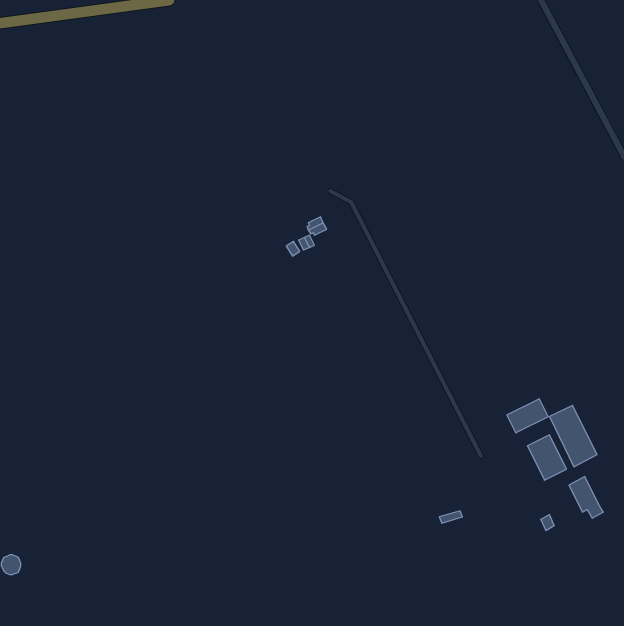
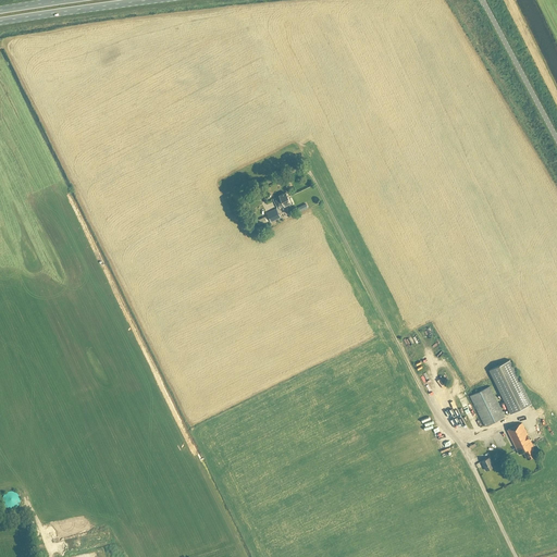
building: [507,399,548,433] -> none

